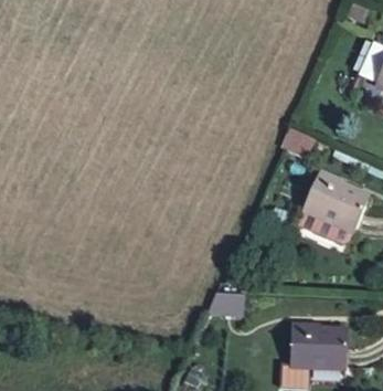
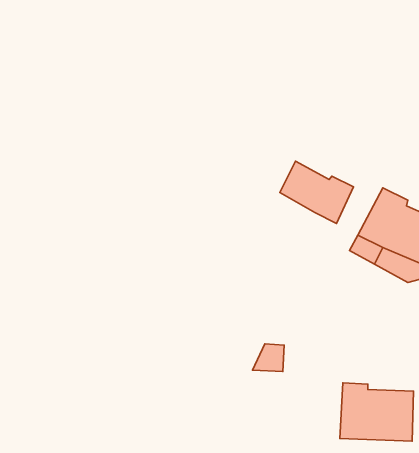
building: none -> [280,161,353,223]

